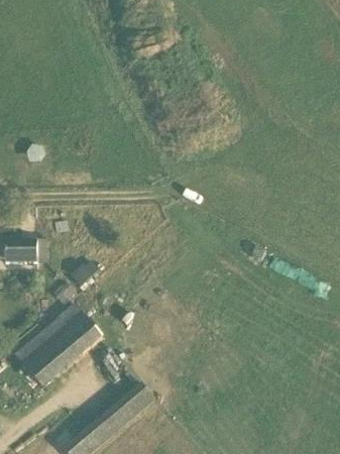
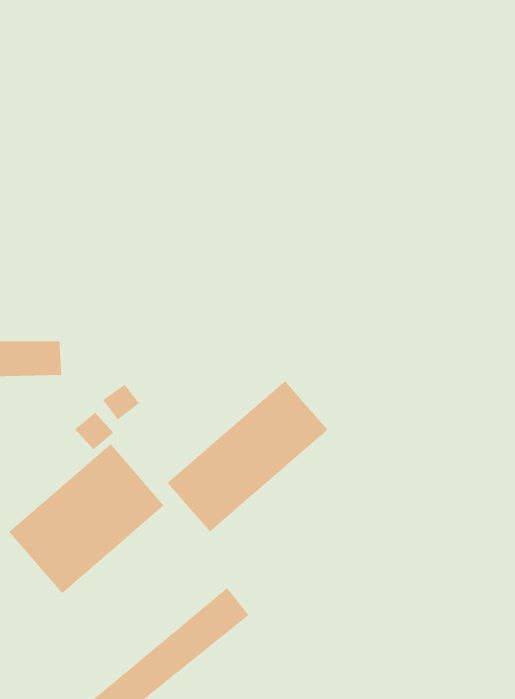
building: none -> [166,380,329,533]

